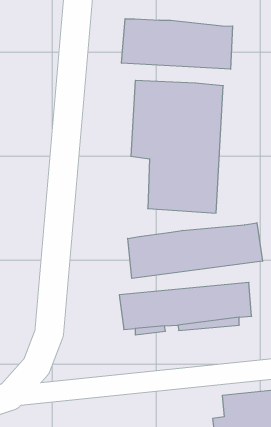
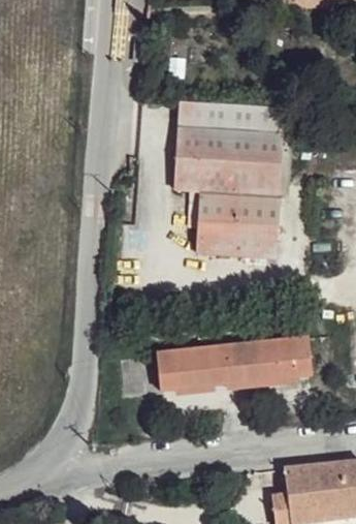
building: [122,19,233,69] -> none
building: [128,223,263,278] -> none

